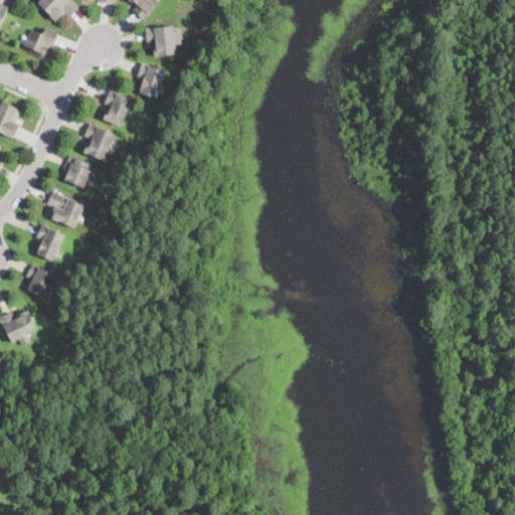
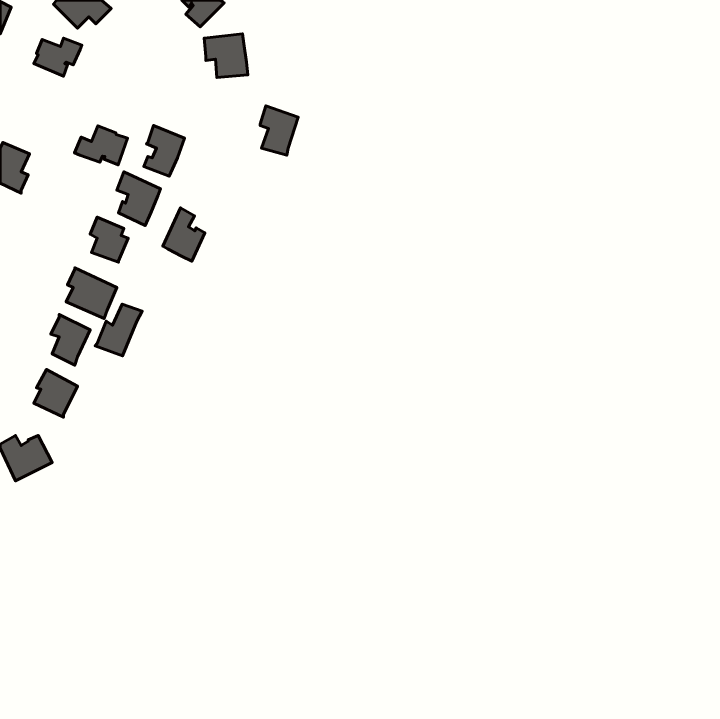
building: [138,63,165,99] -> [260,106,298,155]
building: none -> [75,126,127,165]
building: none -> [163,208,205,261]
building: none -> [95,304,142,356]

